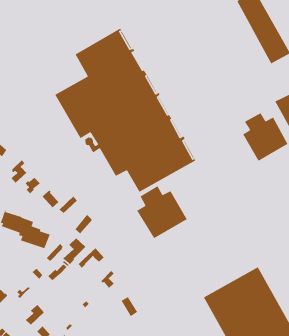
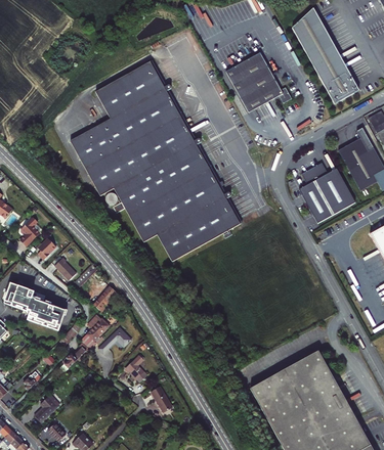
building: none -> [225,52,292,112]
building: [136,185,188,239] -> none

